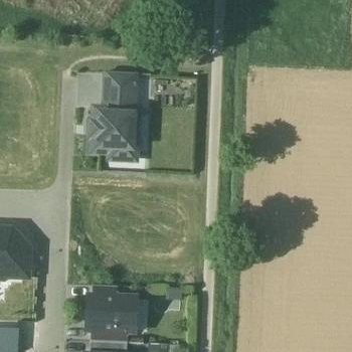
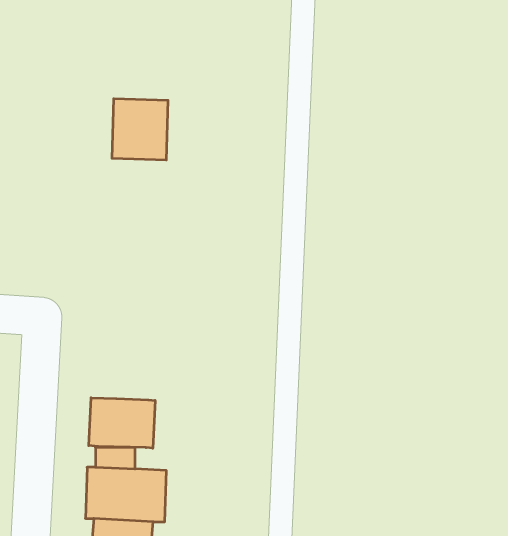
building: [93,111,136,154] -> none
building: none -> [89,398,155,448]

